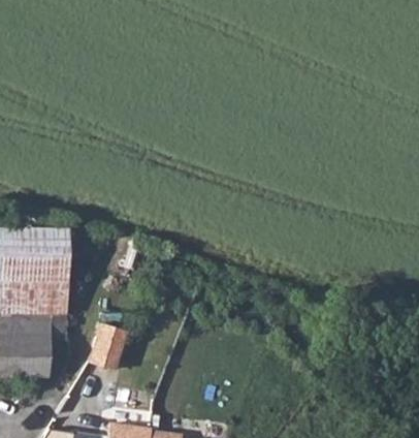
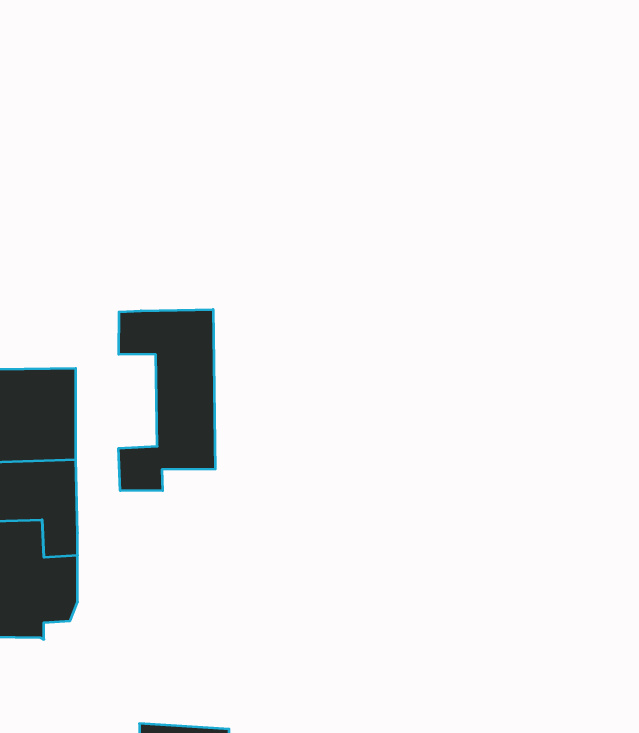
building: none -> [119,309,215,491]
building: [91,315,129,368] -> none

